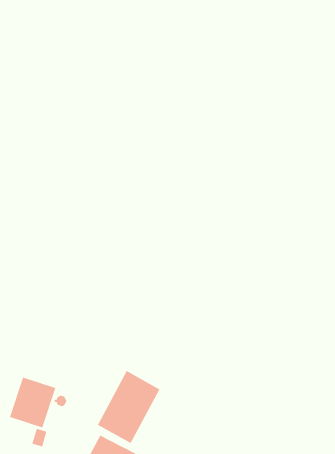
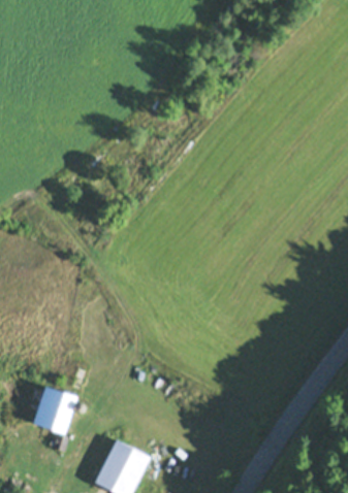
building: [97,370,160,444] -> none

